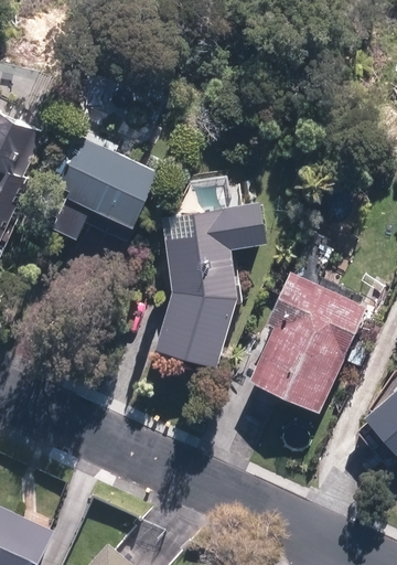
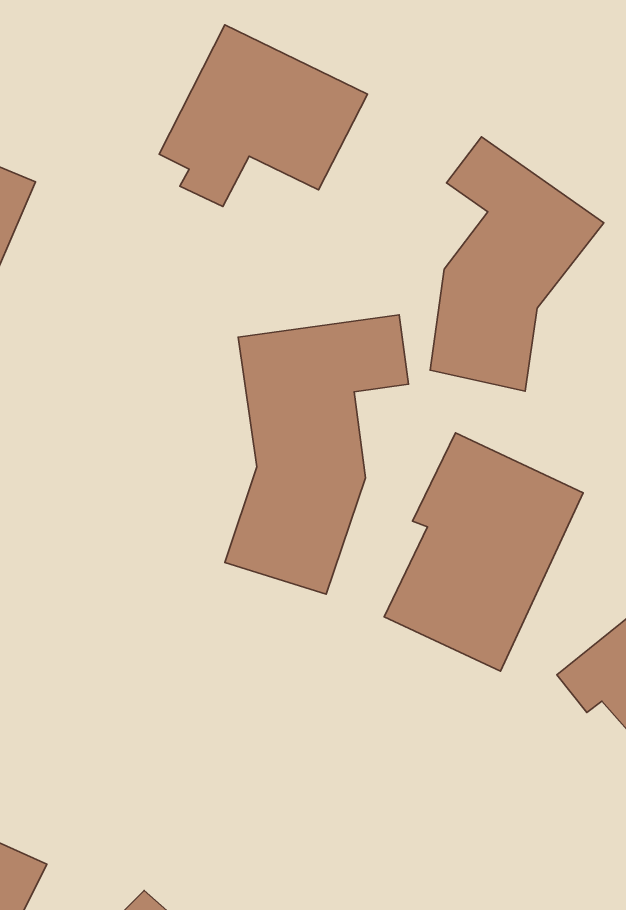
building: none -> [430,137,604,391]
building: [39,135,161,242] -> [159,25,367,207]

